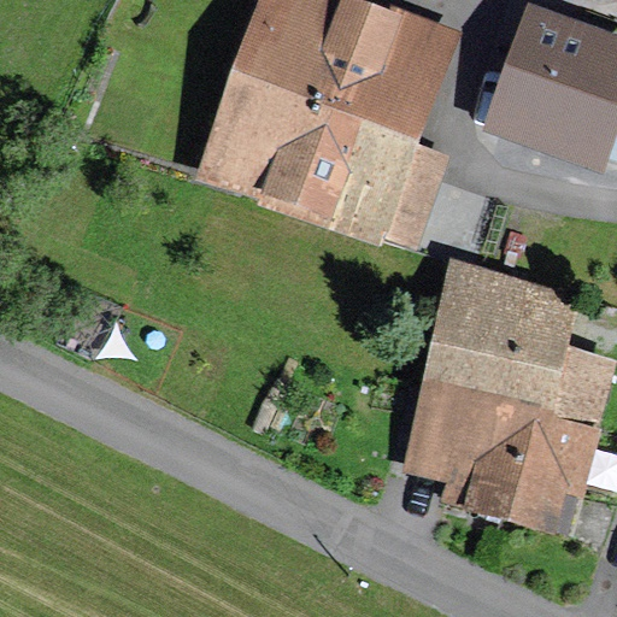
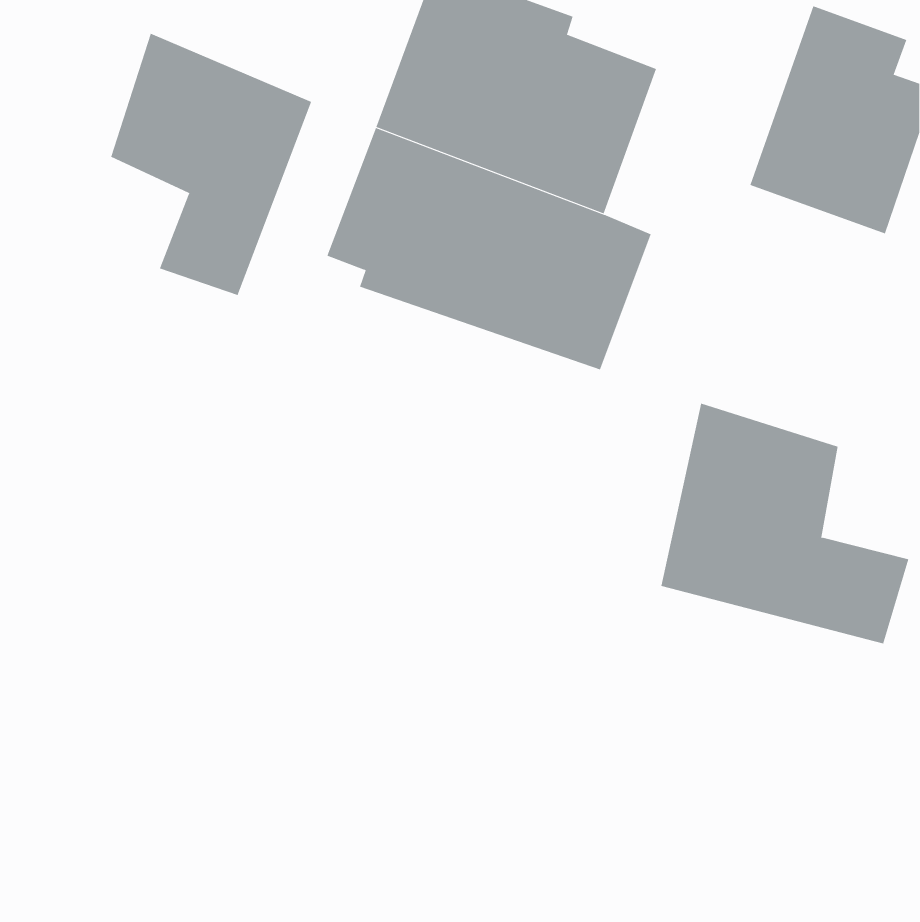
building: none -> [111,33,312,296]
building: [425,389,587,524] -> none

